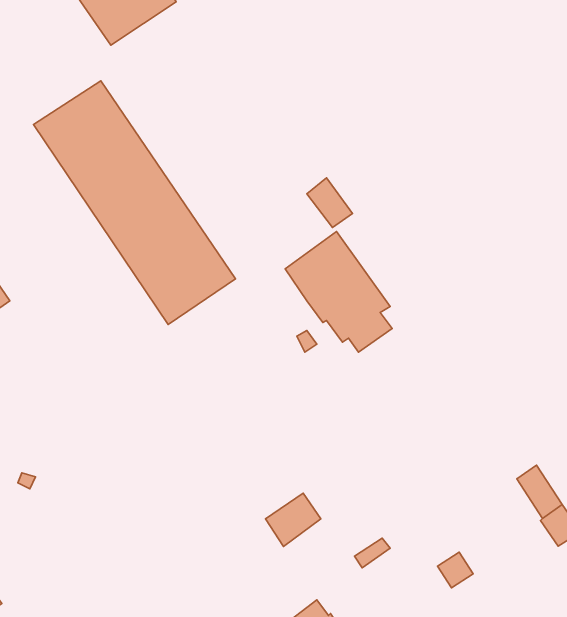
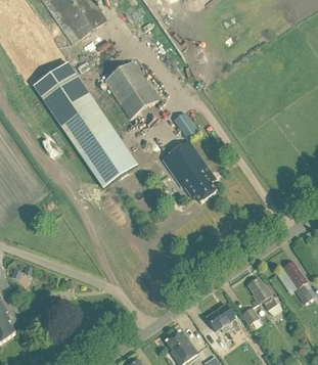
building: none -> [104,60,160,118]
building: [266,493,321,547] -> [206,303,234,330]
building: none -> [247,276,281,313]

